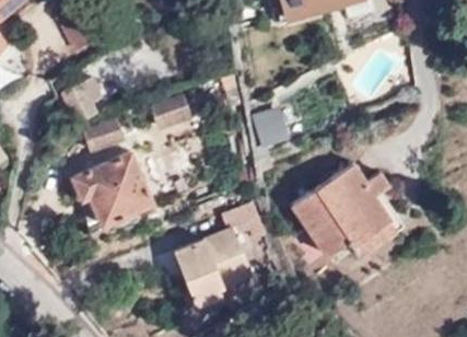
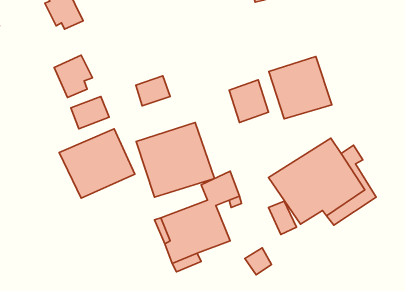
building: none -> [269,57,332,119]
building: none -> [136,122,214,197]

